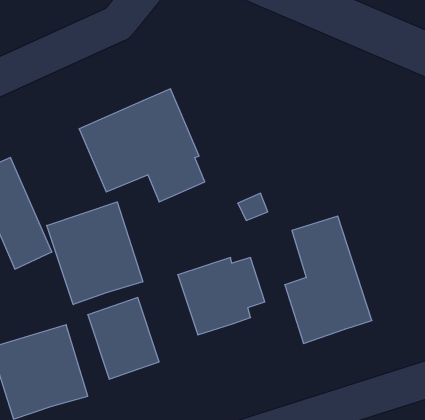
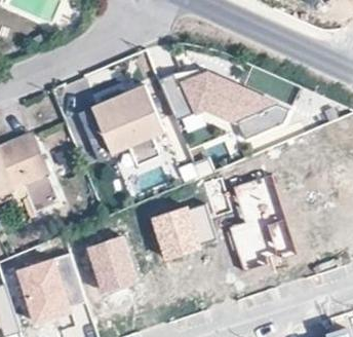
building: none -> [167,74,287,139]
building: [47,202,143,305] -> none

